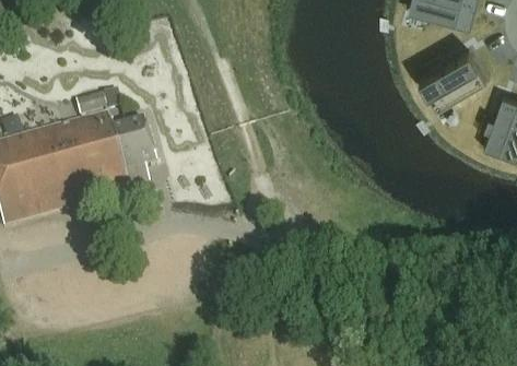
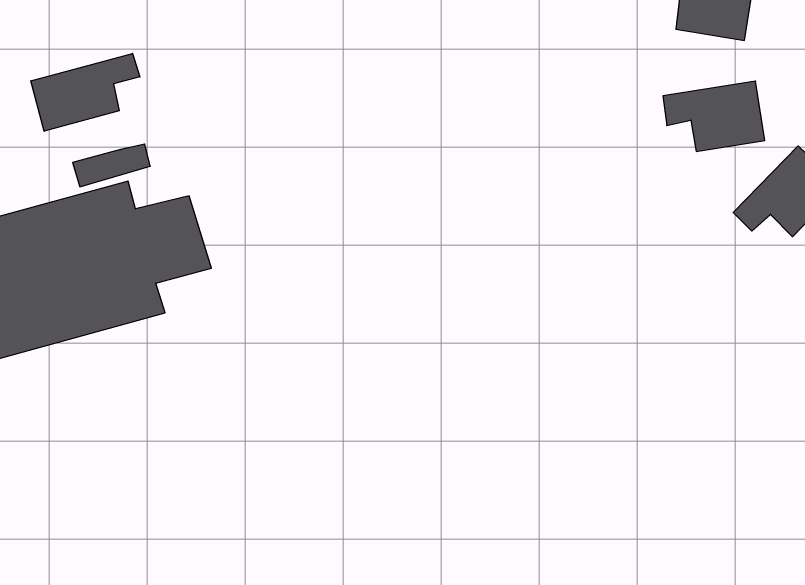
building: none -> [31,53,140,131]

